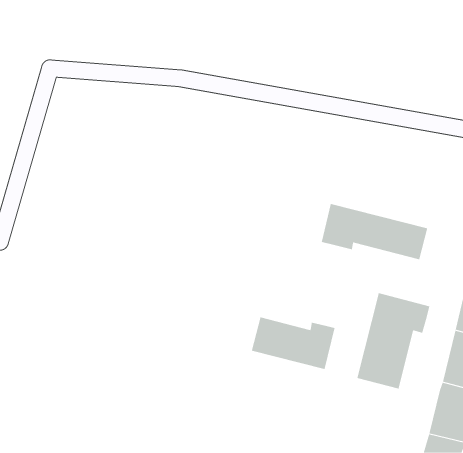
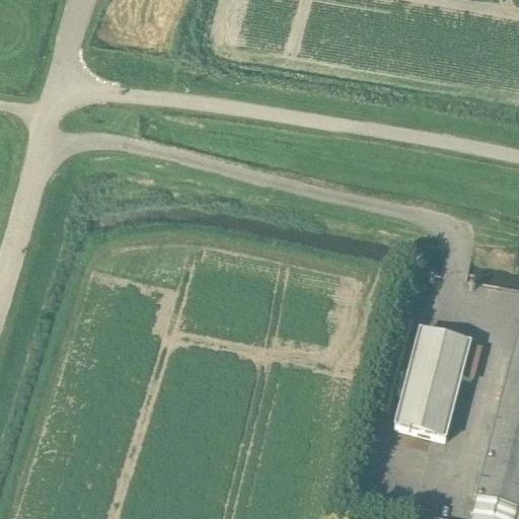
building: [321,203,428,260] -> none
building: [251,316,335,370] -> none

